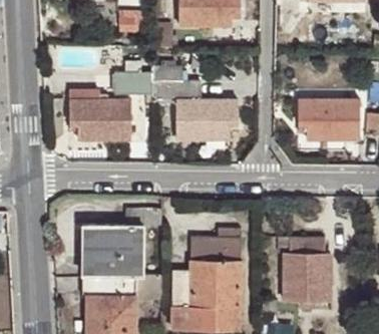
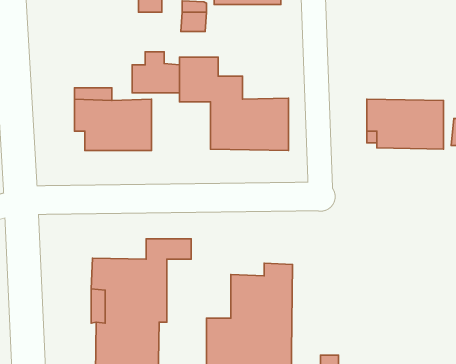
building: [282,236,330,300] -> none

